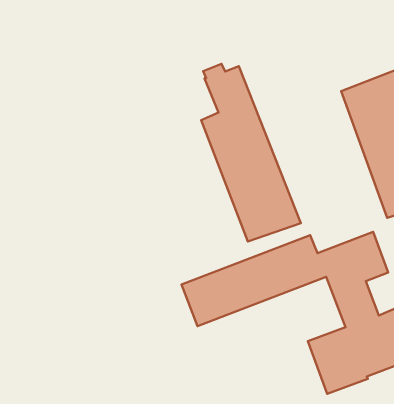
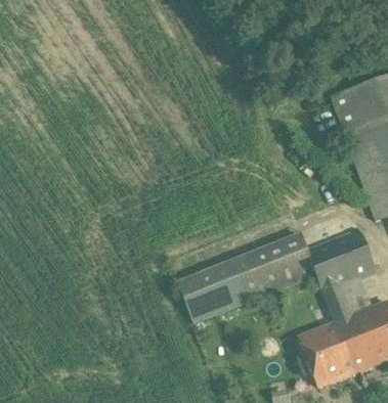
building: [201,64,301,242] -> none

